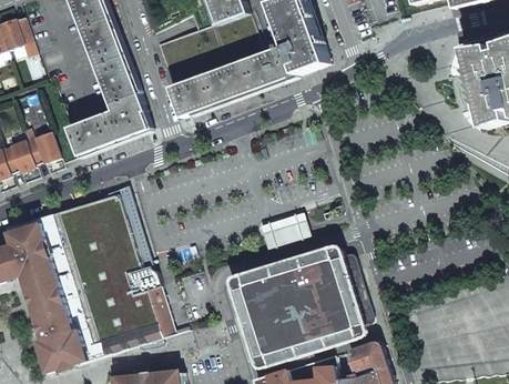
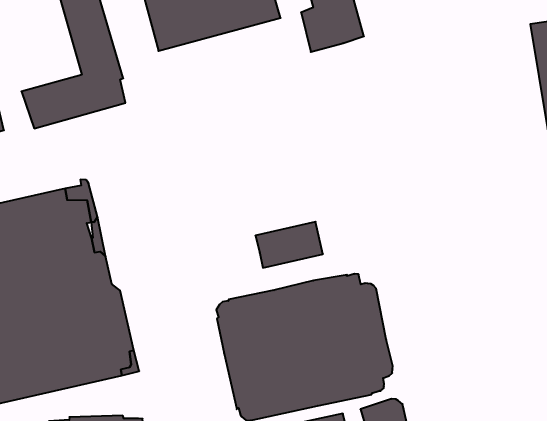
building: [170,44,287,115] -> none

